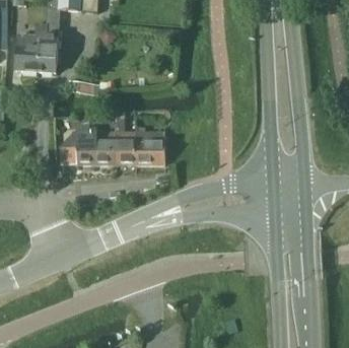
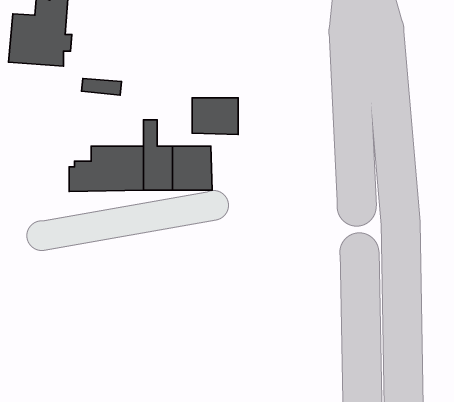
building: none -> [192,98,238,135]

